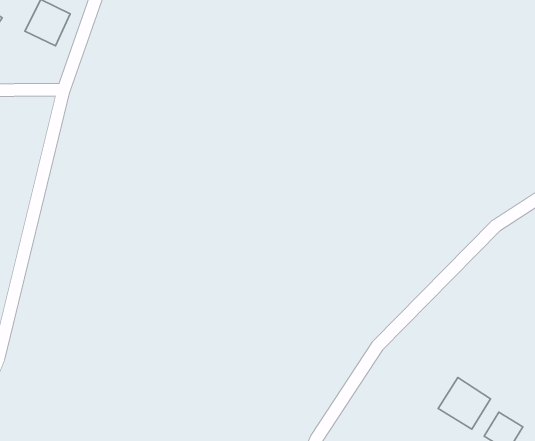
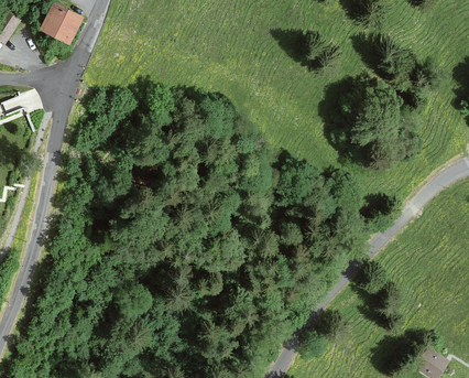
building: [438,377,490,429] -> none

